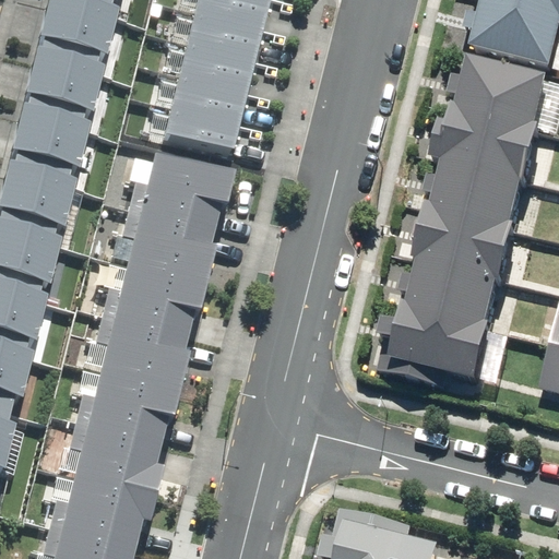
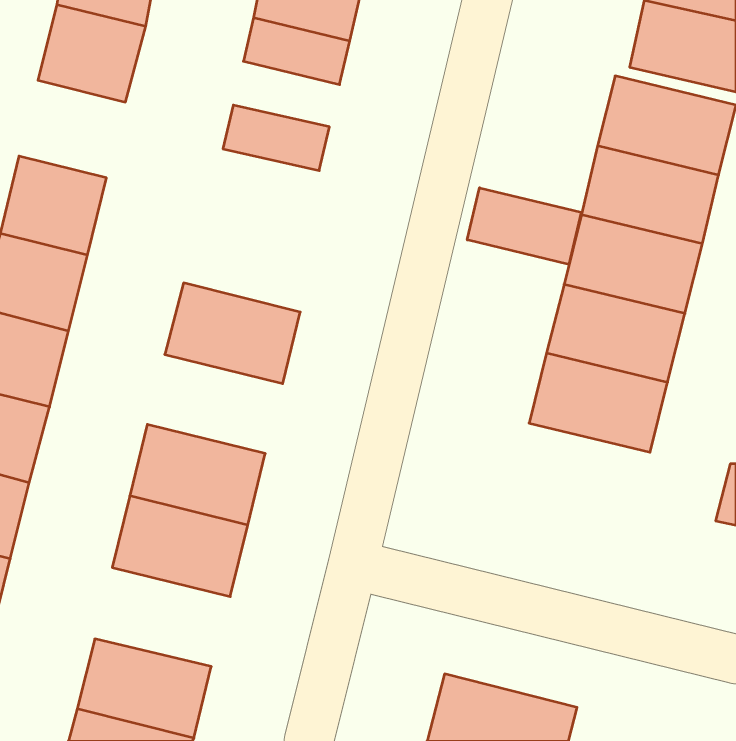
building: [175,46,254,95] -> none
building: [14,60,94,133] -> none
building: [159,111,239,160] -> none
building: none -> [467,188,581,265]
building: [138,158,238,234] -> none
building: [110,265,212,340] -> none
building: [384,317,487,390] -> none
building: [71,425,173,499] -> none

